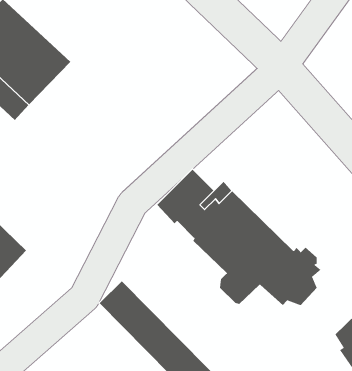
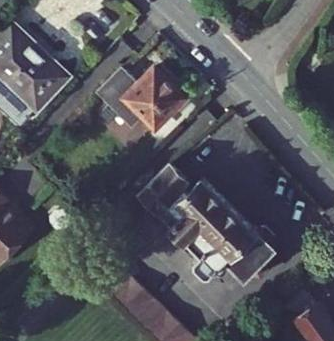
building: none -> [100,69,186,130]

